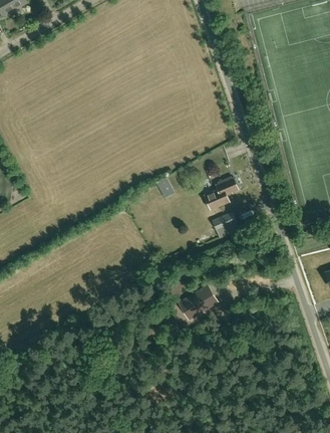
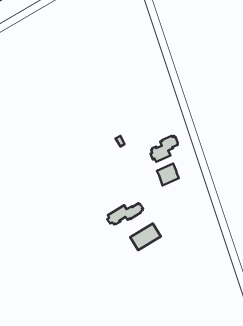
building: none -> [107,203,143,224]

